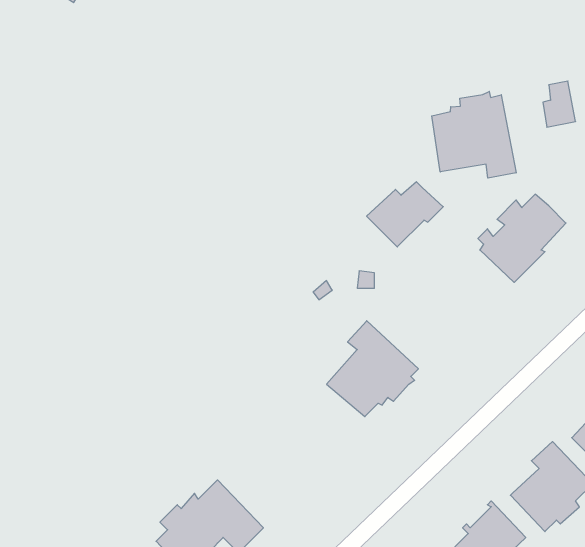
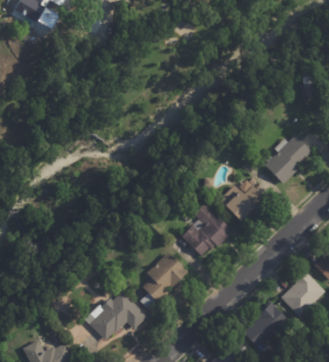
building: [432,91,516,178] -> none
building: [367,182,443,247] -> [220,185,262,220]
building: none -> [140,252,189,310]

